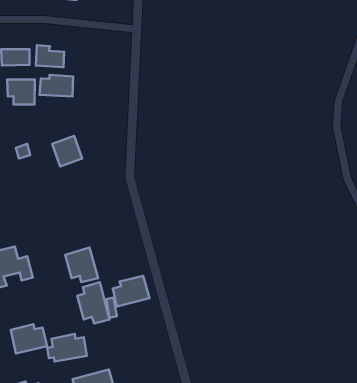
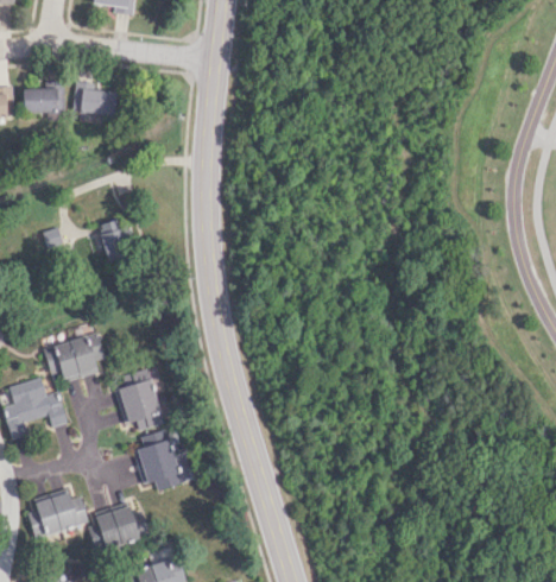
building: [39,75,73,97] -> none
building: [7,79,35,105] -> none
building: none -> [43,333,105,381]
building: [113,276,150,307] -> none

